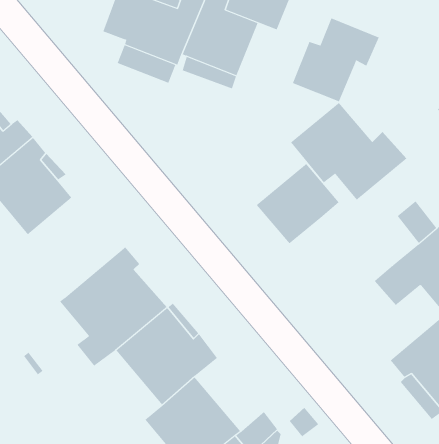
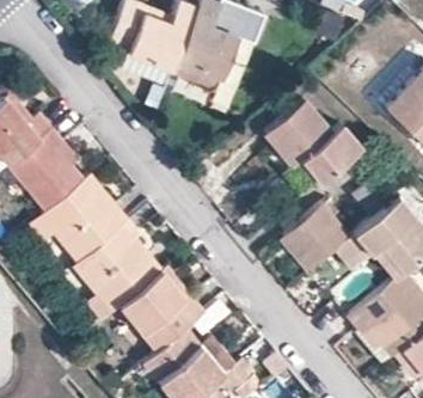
building: [292,17,380,102] -> none
building: [256,163,340,244] -> [281,204,350,271]
building: none -> [31,174,129,263]

